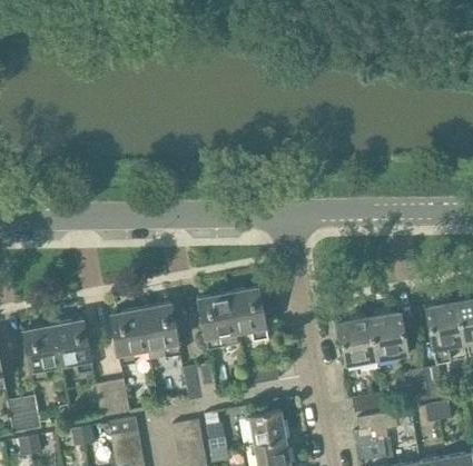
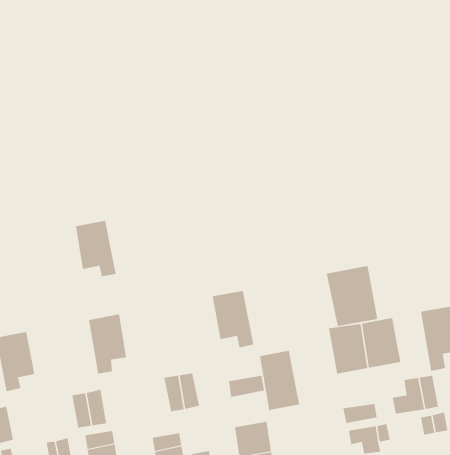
building: none -> [326,265,378,327]
building: [199,293,238,349] -> [259,350,300,410]
building: [141,304,180,357] -> [75,220,116,277]
building: [53,320,92,374] -> none

